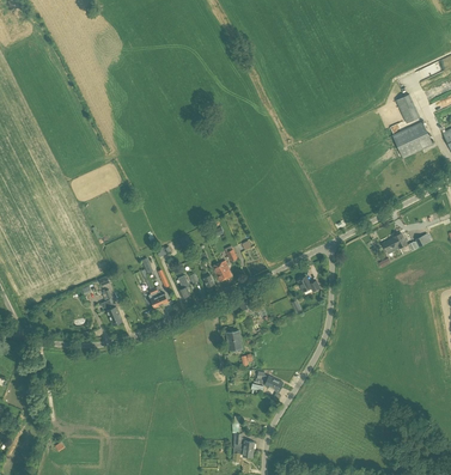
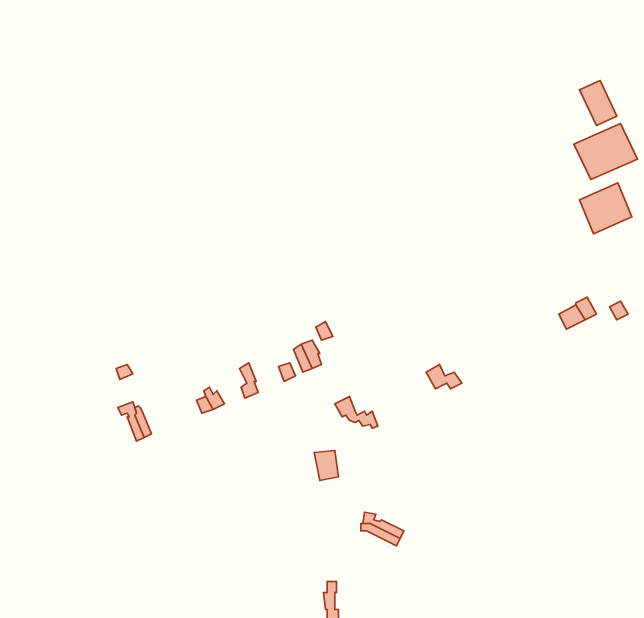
building: none -> [580,183,632,234]

